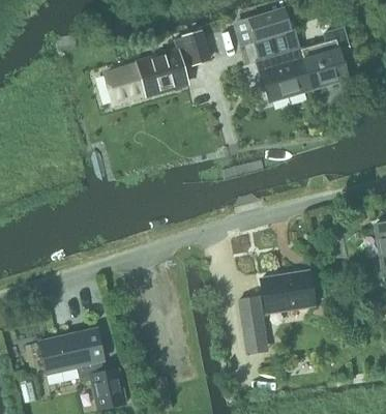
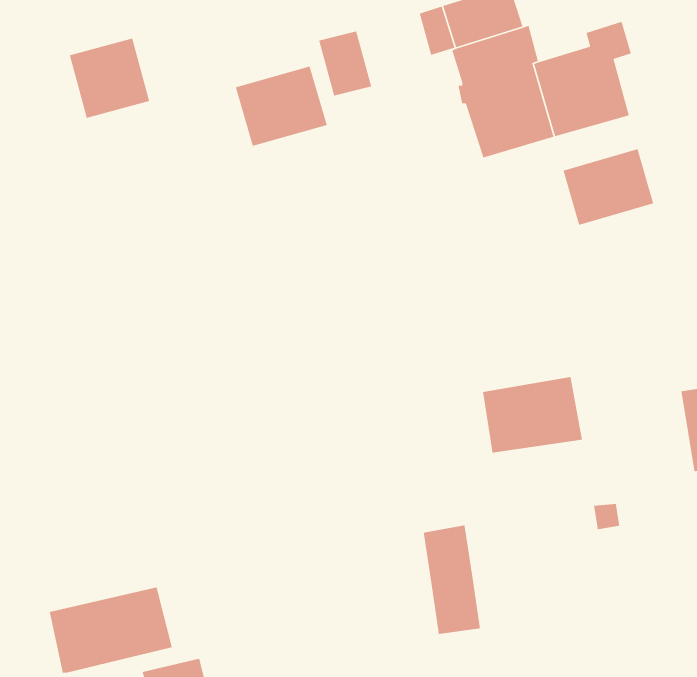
building: [101,63,145,107] -> [69,38,150,119]
building: none -> [563,148,654,226]
building: [261,270,315,312] -> [482,376,583,454]

